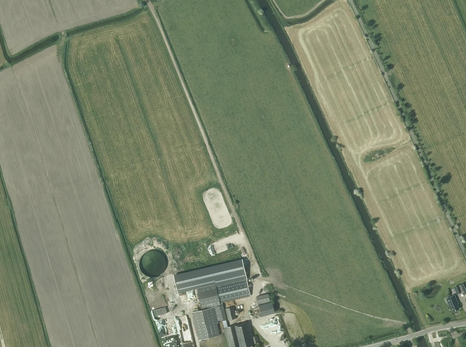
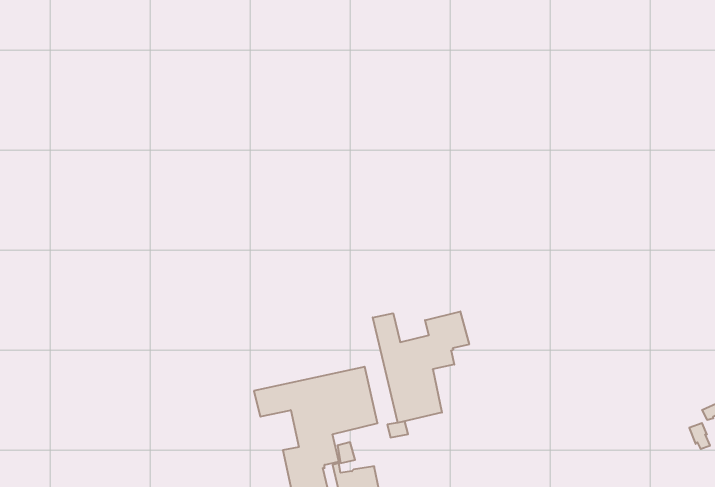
building: none -> [373,311,469,423]

